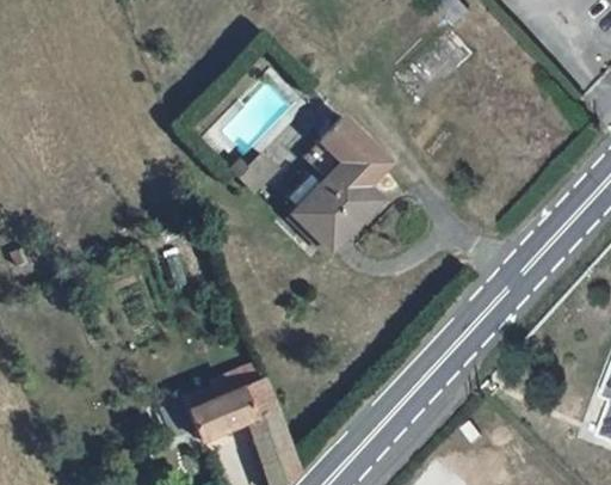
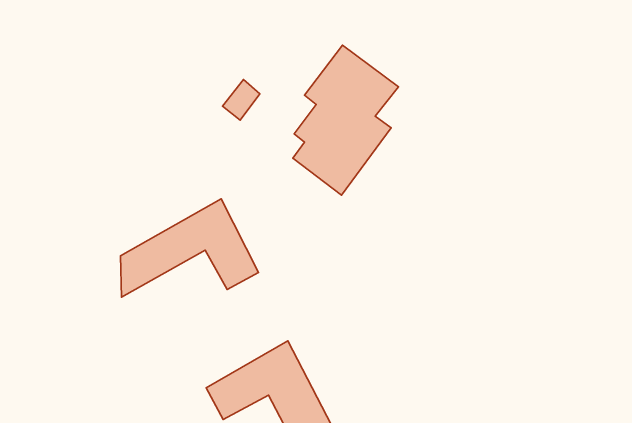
building: none -> [120,199,259,297]

